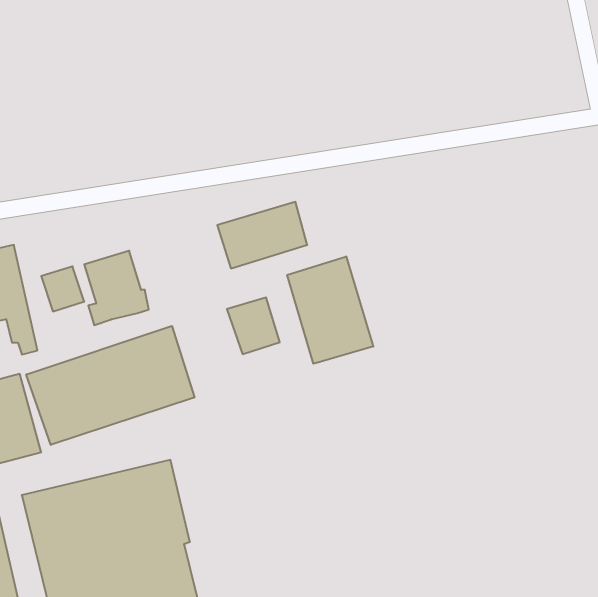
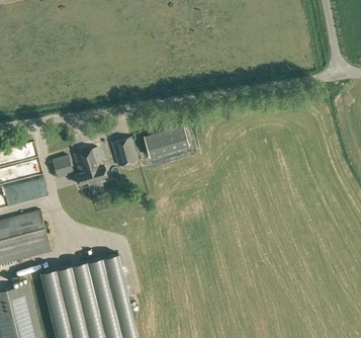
building: [287,256,373,364] -> none
building: [227,297,280,354] -> [110,138,138,167]
building: [26,326,194,445] -> none

